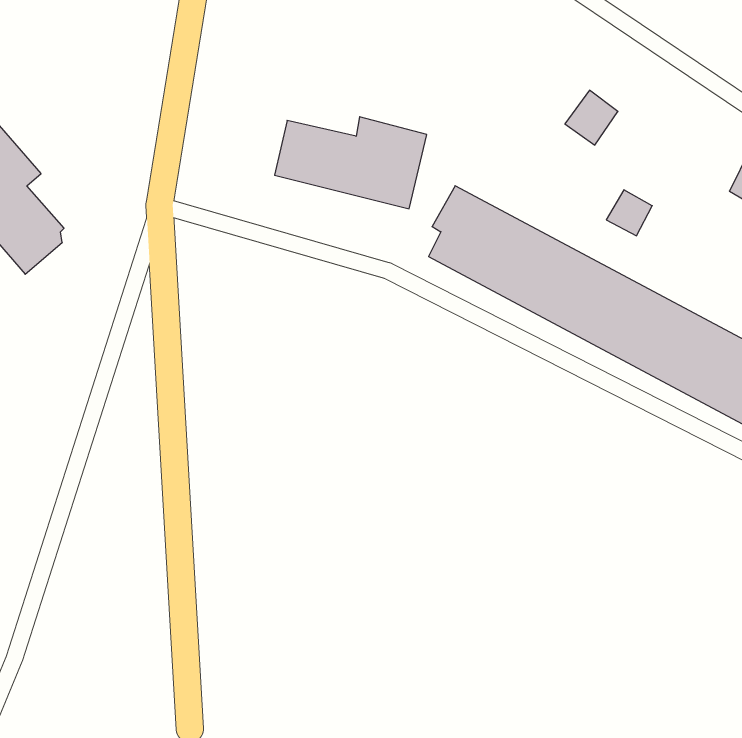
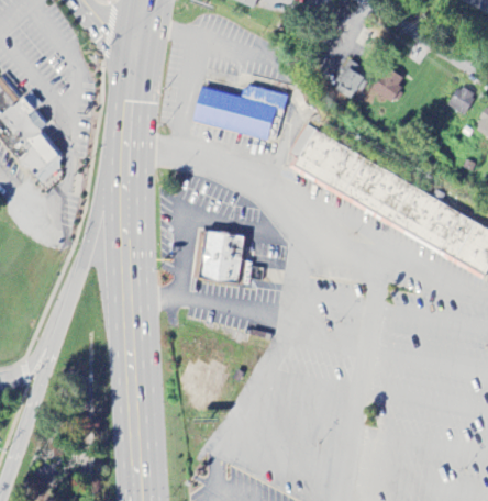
building: none -> [334,59,368,98]
building: [606,190,652,236] -> [447,86,476,114]
building: none -> [199,230,252,283]

